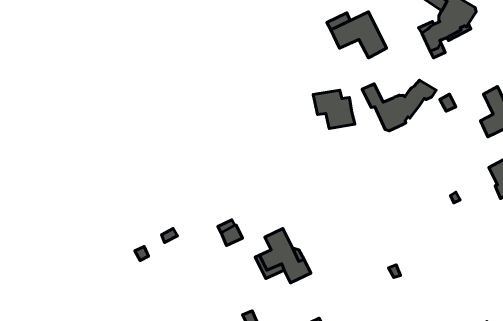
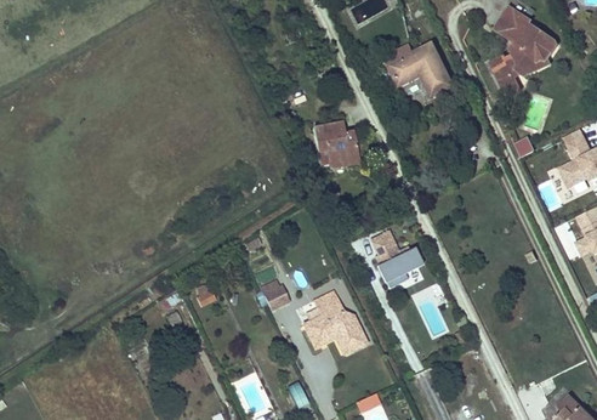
building: [362,80,436,131] -> none
building: [313,90,355,129] -> [312,123,359,166]
building: none -> [371,232,417,288]

